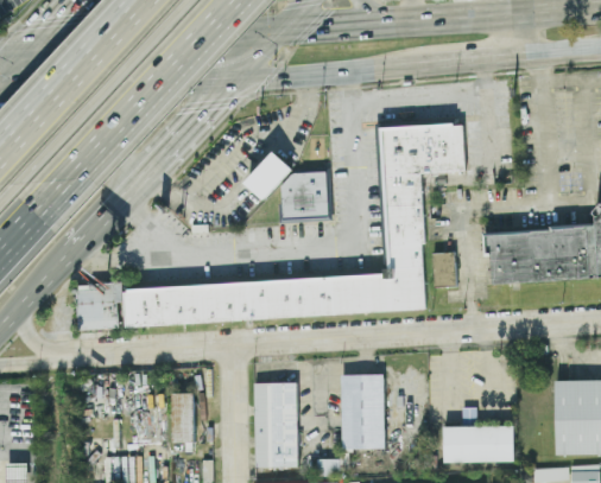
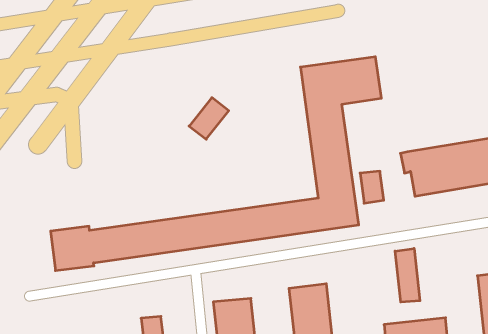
building: [277,170,331,224] -> none
building: none -> [395,248,420,302]

